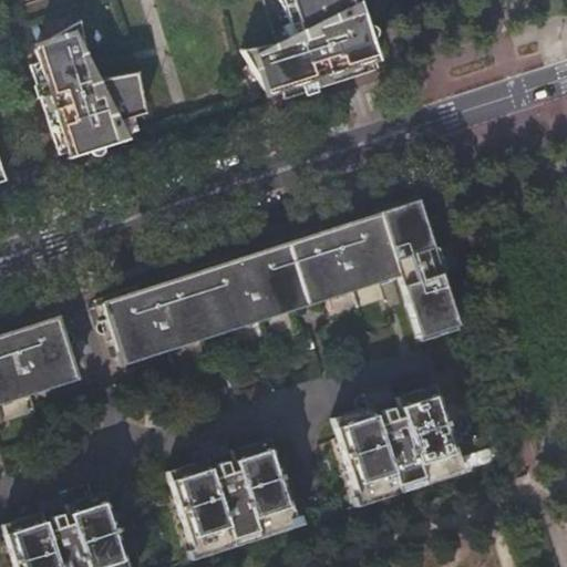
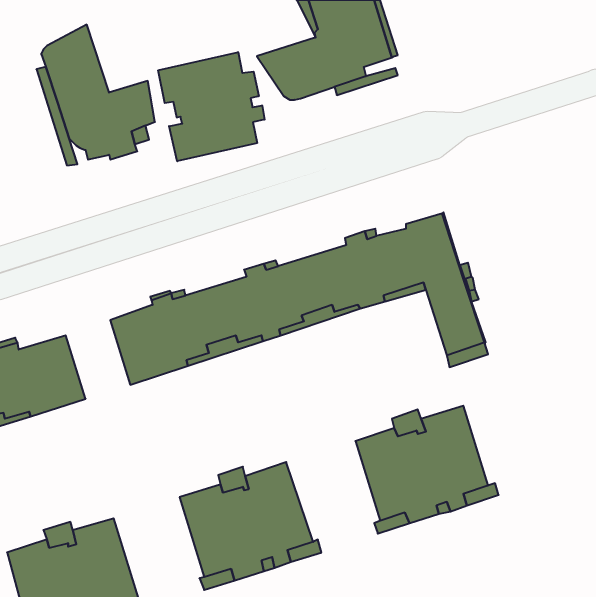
building: none -> [158,52,265,161]

